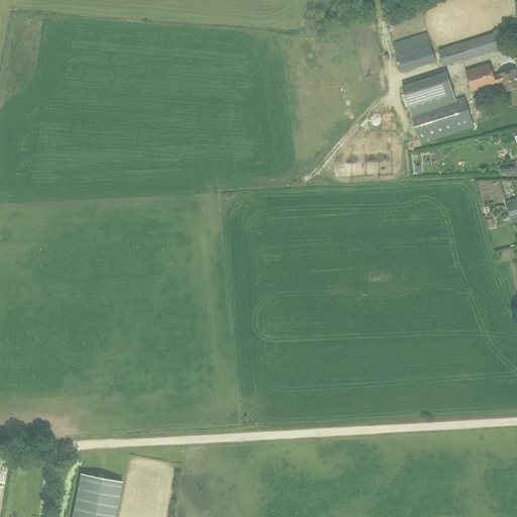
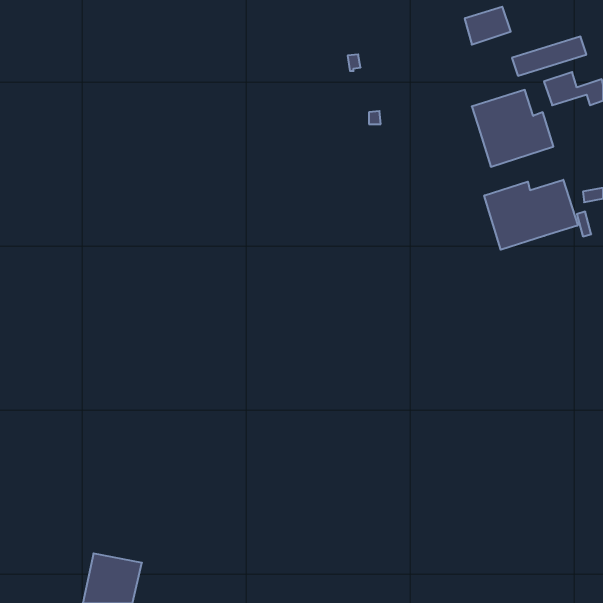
building: [395,37,434,70] -> [465,7,511,45]
building: none -> [484,180,578,250]

